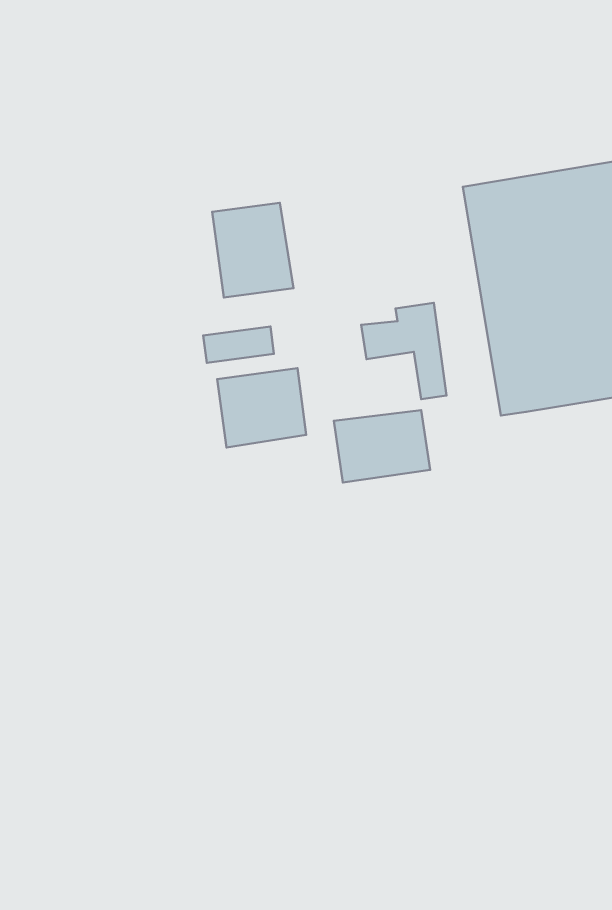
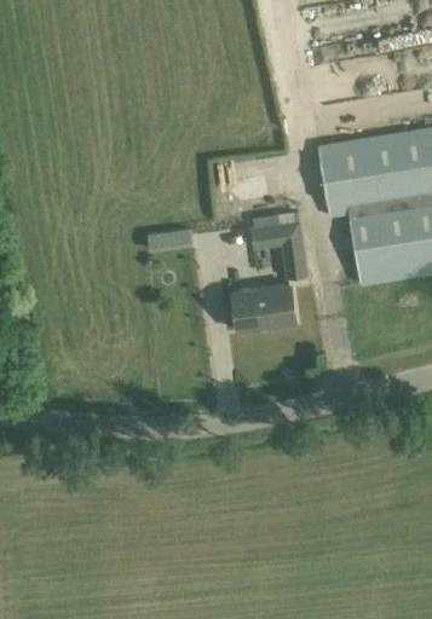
building: [212,203,293,298] -> none
building: [217,368,306,448] -> none

